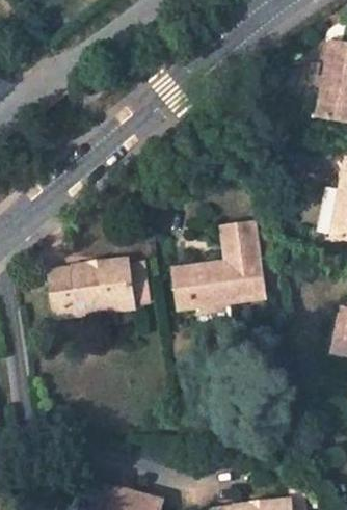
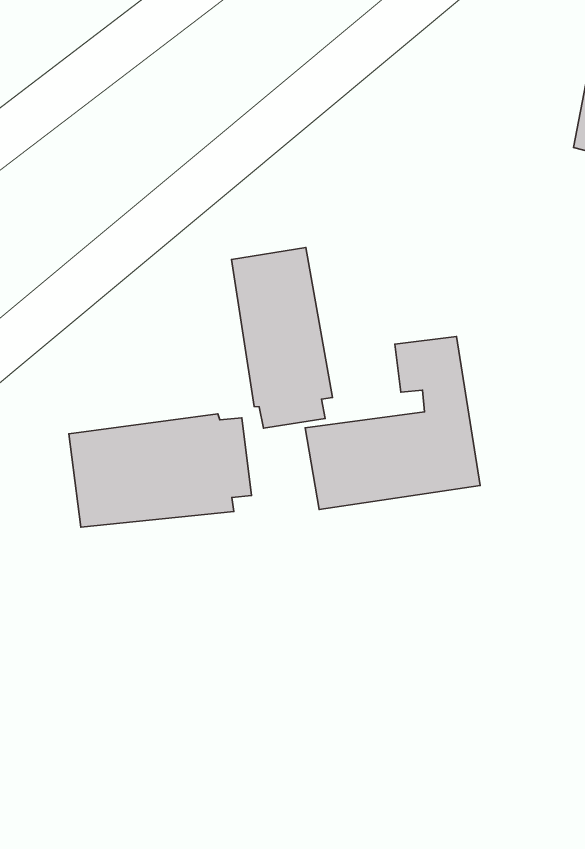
building: none -> [231,248,333,428]

